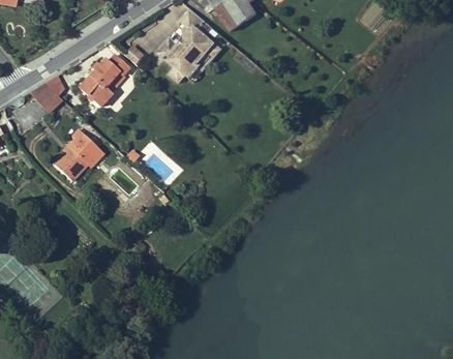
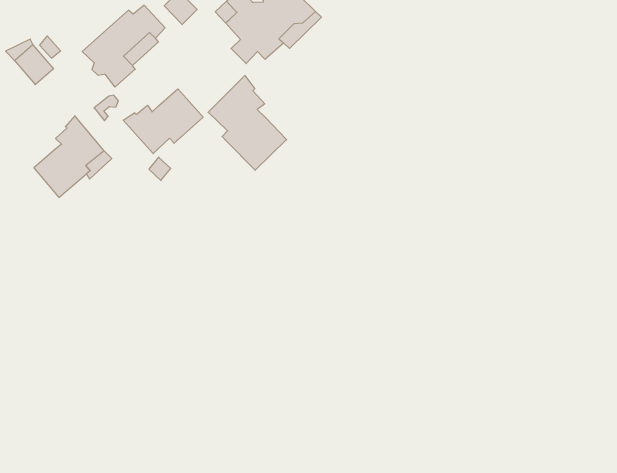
building: none -> [208,76,287,170]
building: none -> [123,89,203,154]

